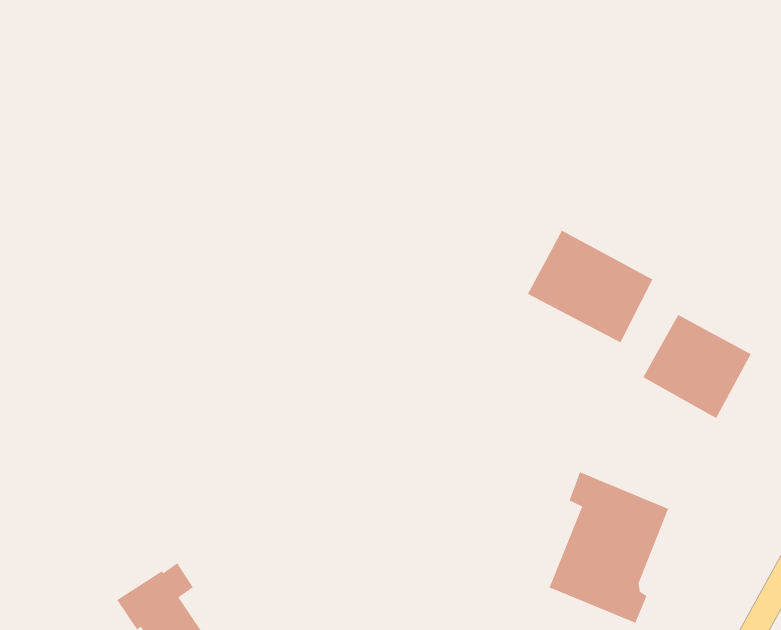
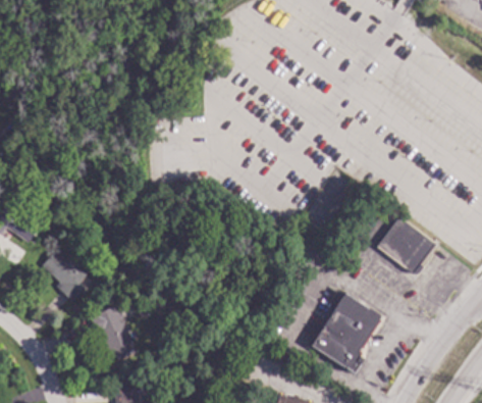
building: [527,229,654,343] -> none
building: none -> [43,248,87,302]

